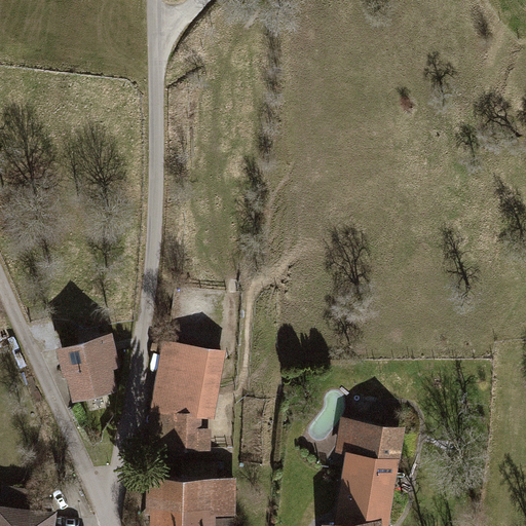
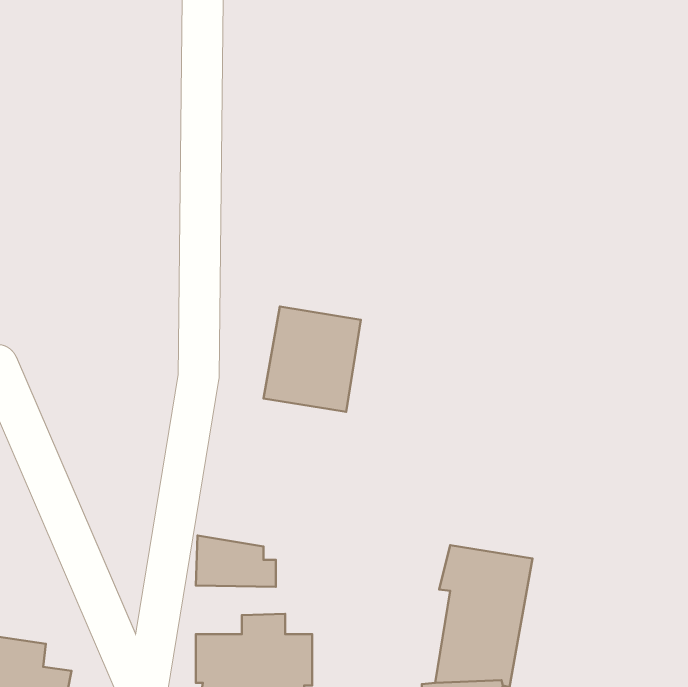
building: [150,340,224,420] -> [264,306,361,412]
building: [58,341,119,409] -> none

